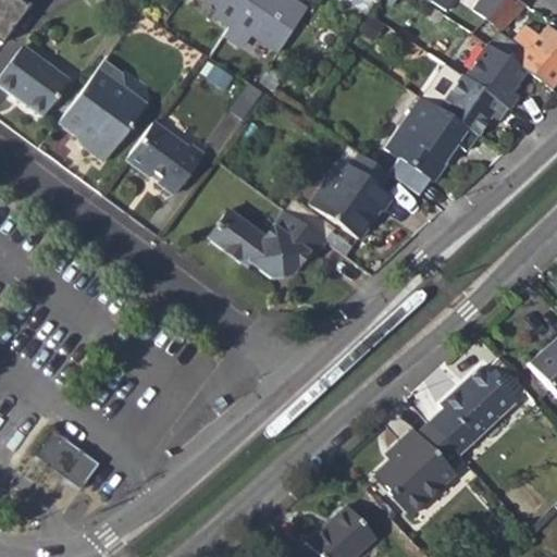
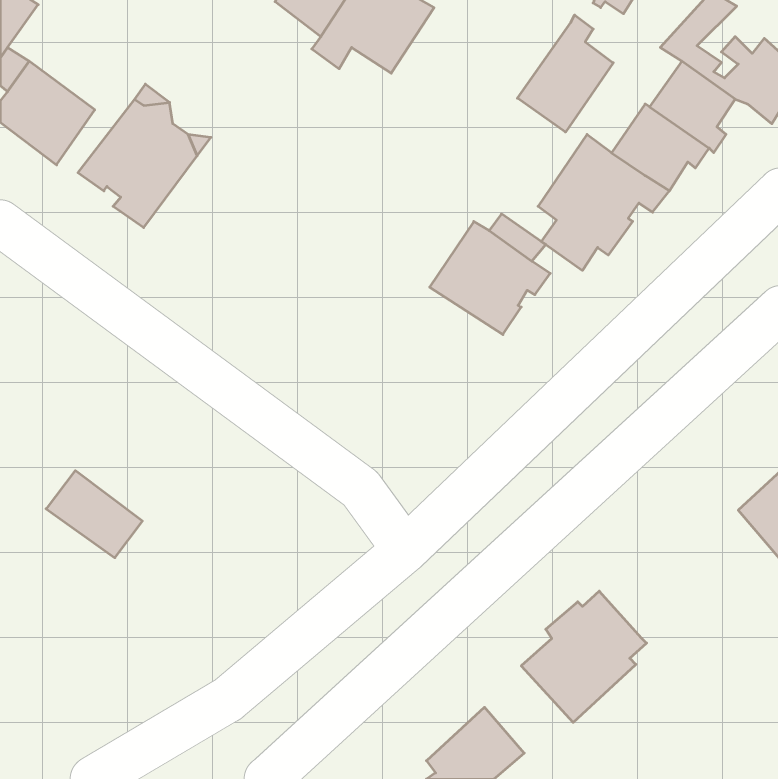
building: none -> [517,15,613,132]
building: [125,121,203,195] -> none
building: [214,210,329,282] -> none
building: [429,357,528,455] -> none
building: [30,430,99,492] -> [46,471,142,558]

